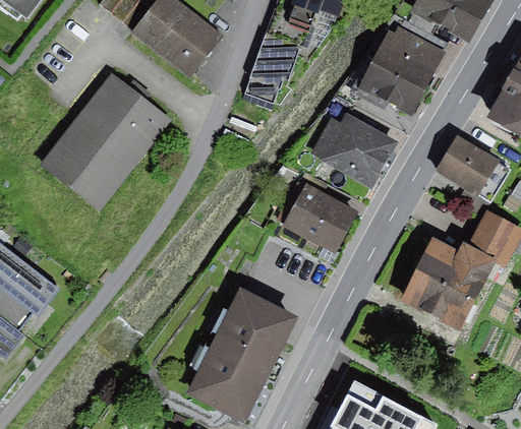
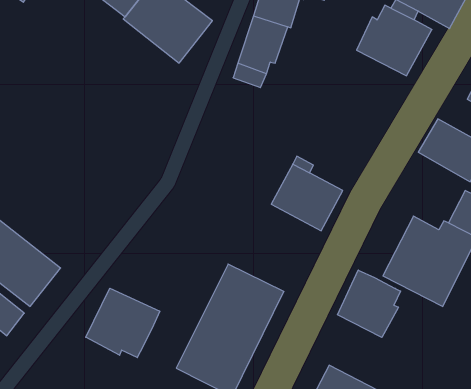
building: [350,65,424,115] -> none
building: [39,74,170,211] -> none
building: [311,114,398,189] -> none
building: none -> [337,270,401,337]
building: none -> [86,288,160,358]

